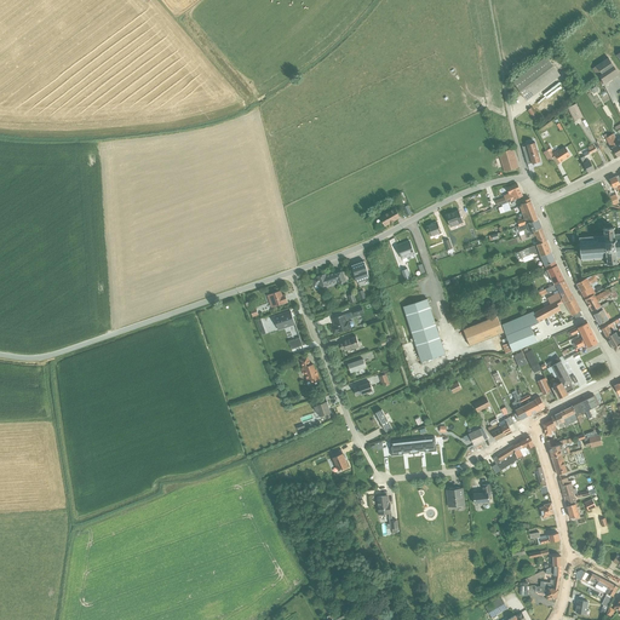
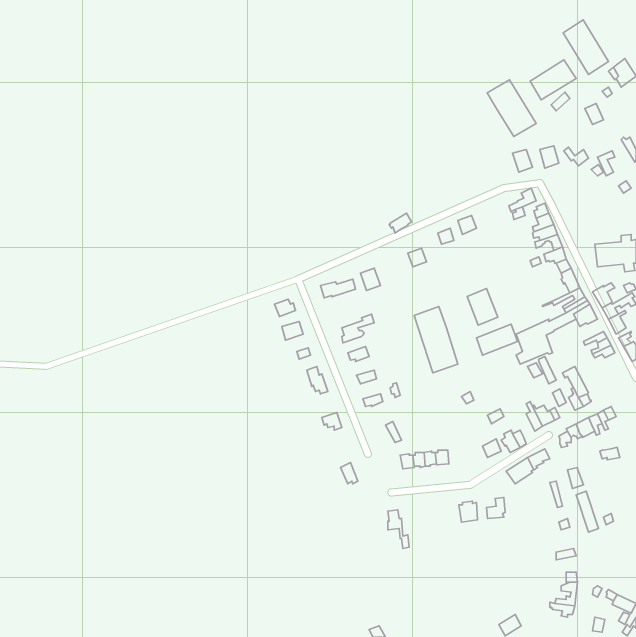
building: none -> [563,20,608,74]
building: none -> [487,80,536,136]
building: none -> [467,288,498,325]

